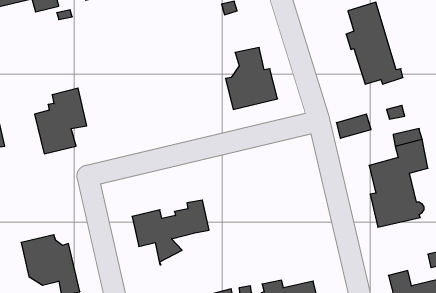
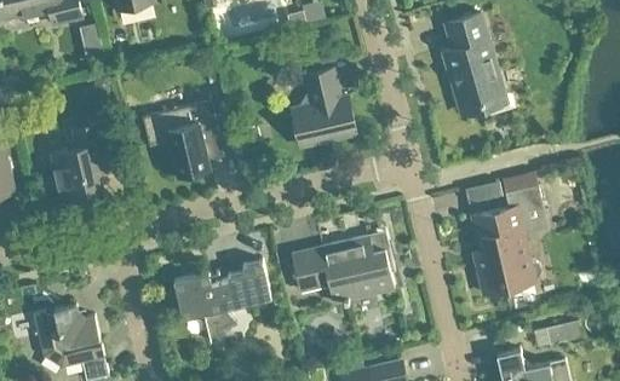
building: none -> [143,100,219,175]
building: [336,114,371,138] -> [461,186,505,217]
building: none -> [292,235,395,302]

